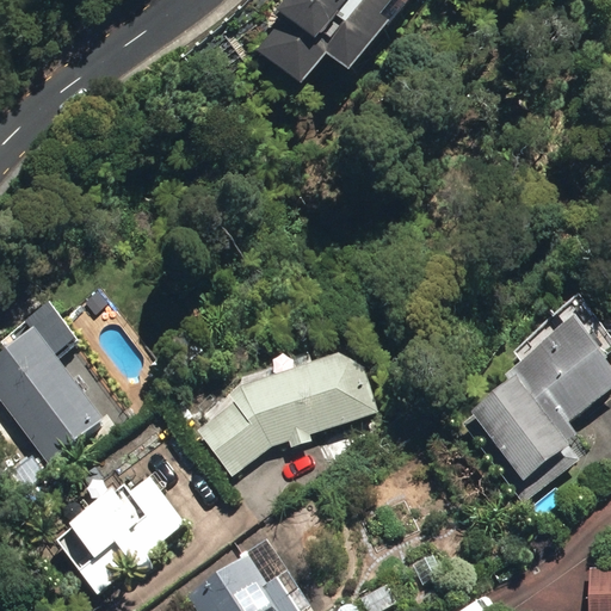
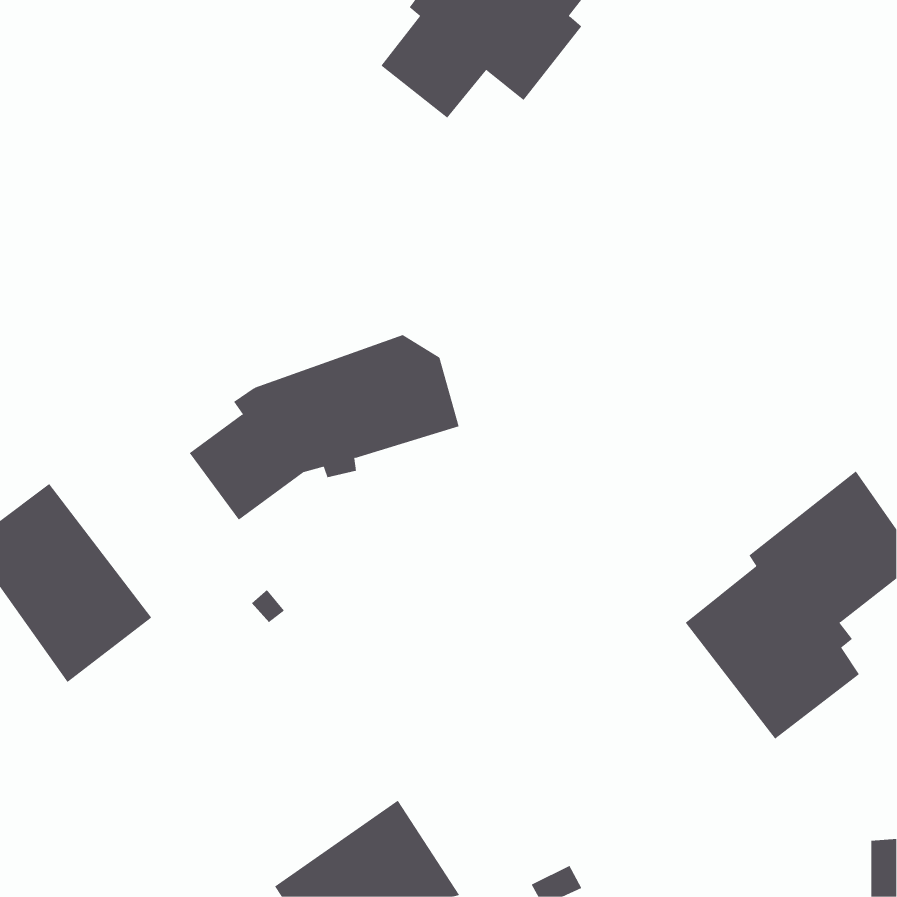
building: [196,348,378,474] -> [189,335,459,520]
building: [54,476,184,592] -> none

